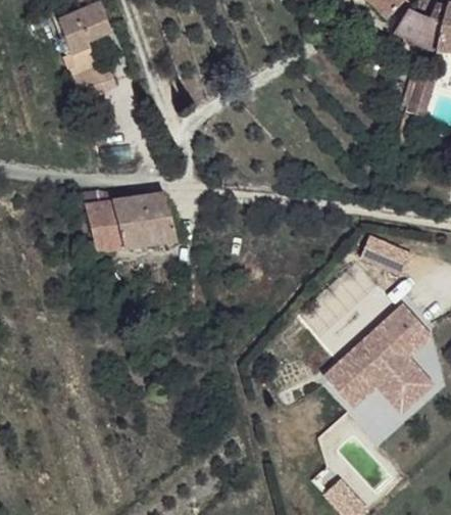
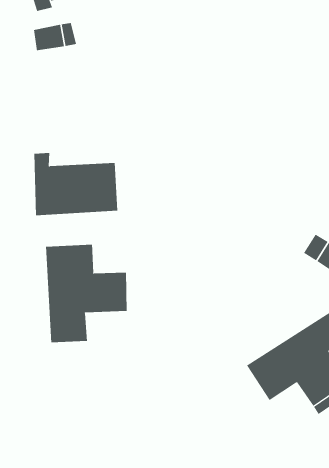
building: none -> [45,244,127,343]

